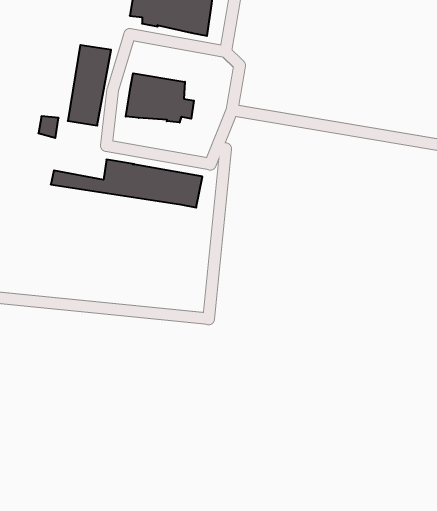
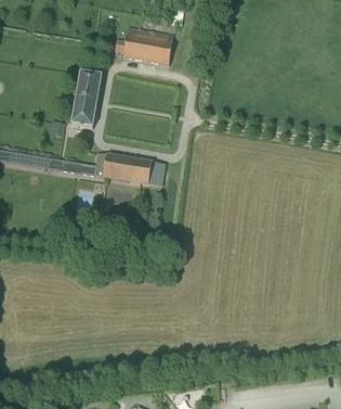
building: [126,73,194,123] -> none

